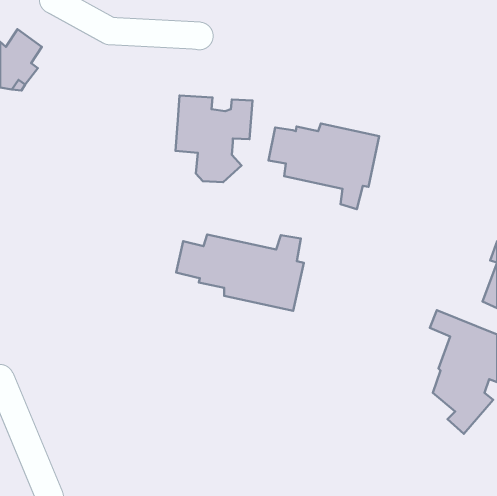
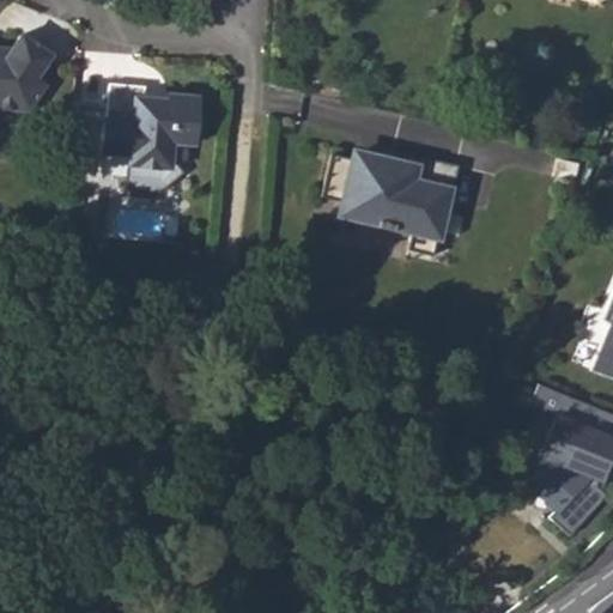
building: [176,96,252,182] -> [103,84,198,190]
building: [176,235,304,311] -> none

